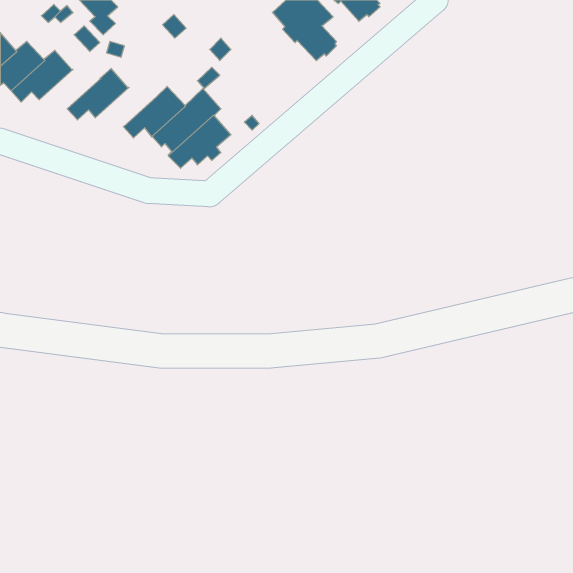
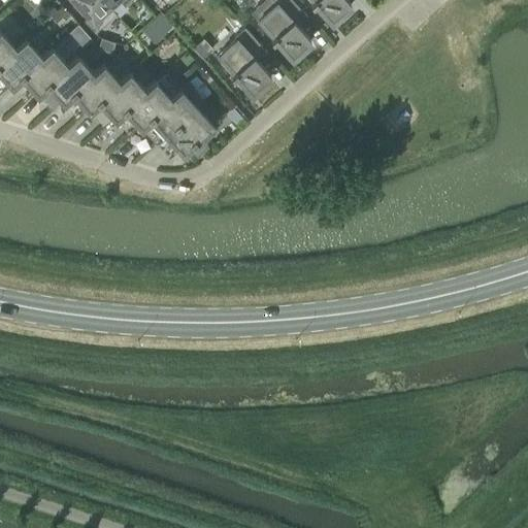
building: none -> [217,26,270,92]
building: none -> [36,55,93,102]
building: none -> [88,71,144,119]

